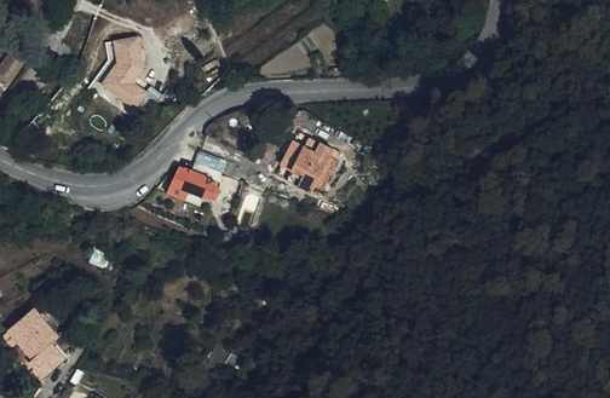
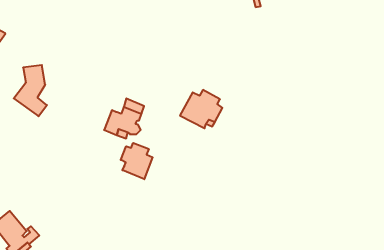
building: [98,35,145,108] -> [14,65,47,116]
building: none -> [121,143,153,179]

